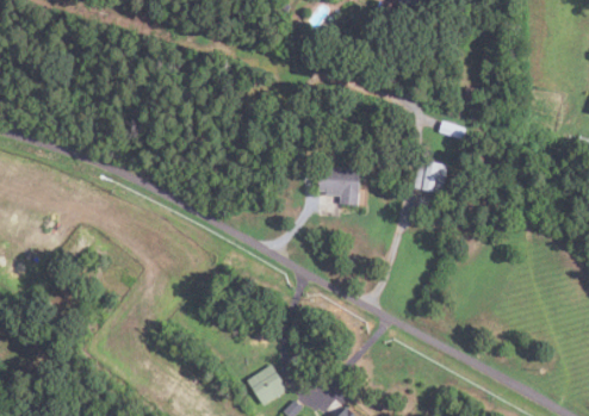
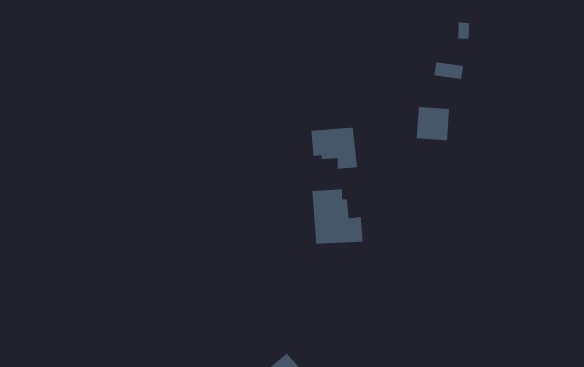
building: none -> [312,189,363,244]

